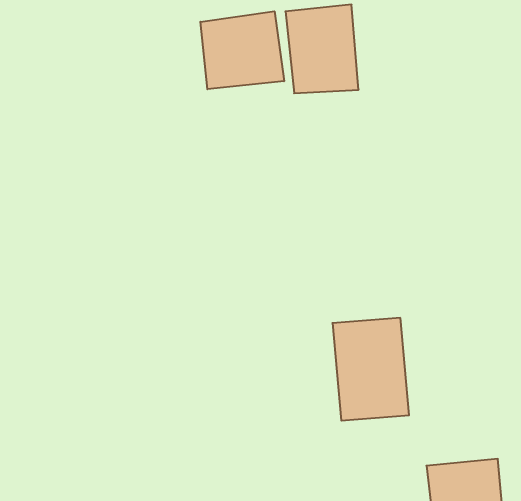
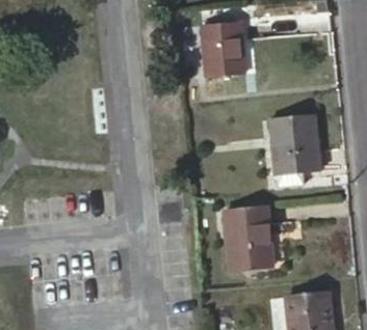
building: [200,11,284,89] -> none
building: none -> [269,116,319,180]

